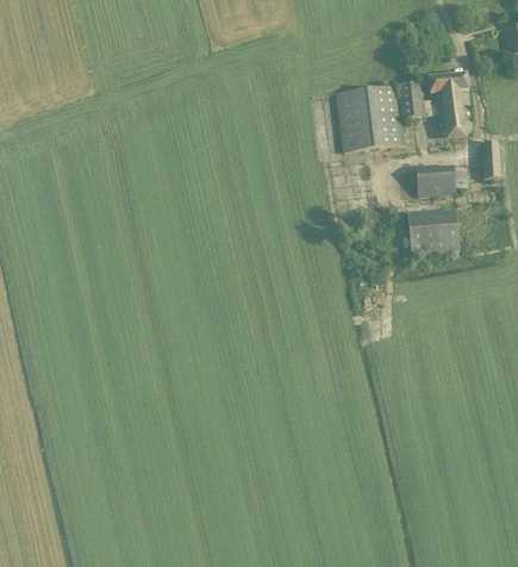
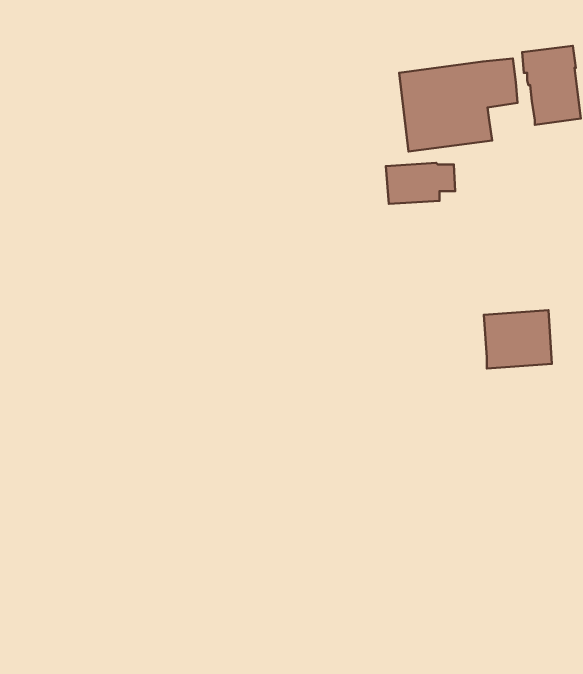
building: [414,164,467,195] -> [386,163,455,204]
building: [407,208,458,253] -> [484,310,552,369]

